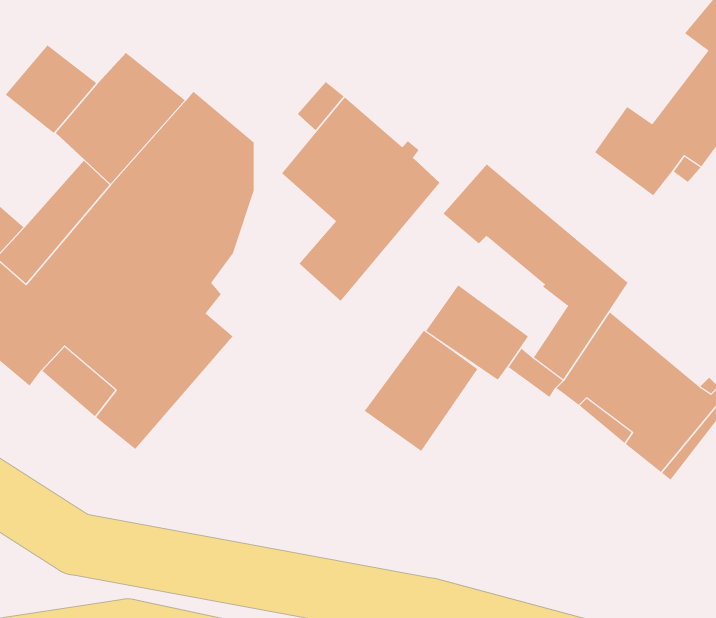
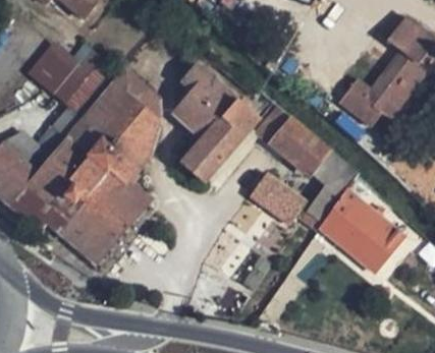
building: [364,330,478,452] -> none

